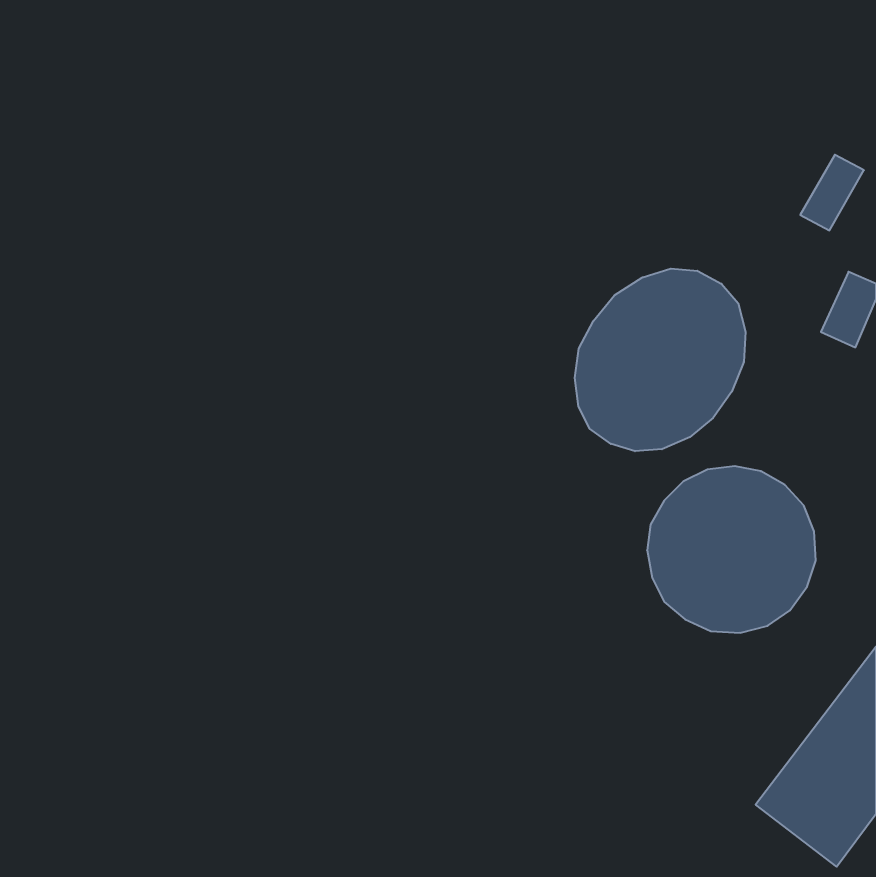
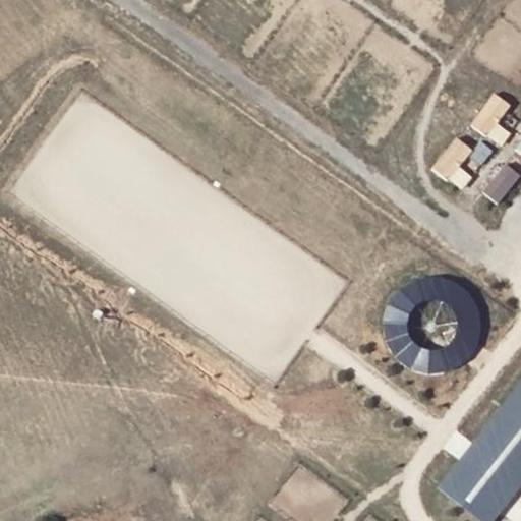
building: none -> [432,137,474,182]
building: [575,269,746,451] -> none

